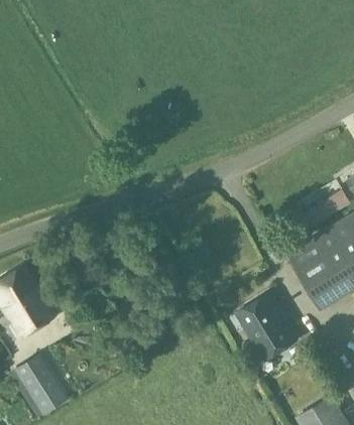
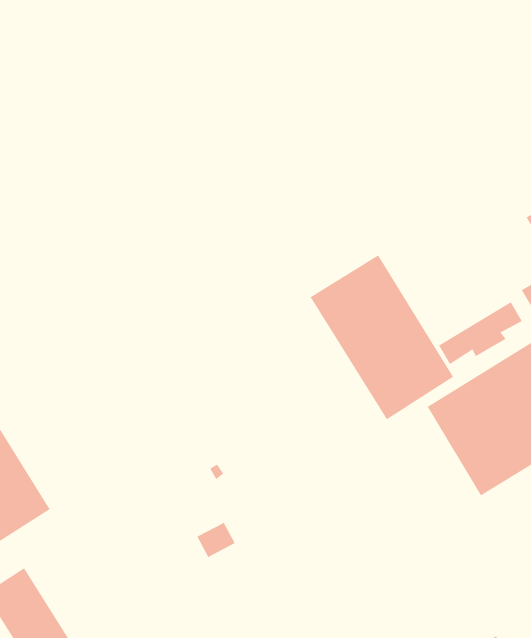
building: none -> [310,255,454,420]
building: [236,295,294,359] -> none

